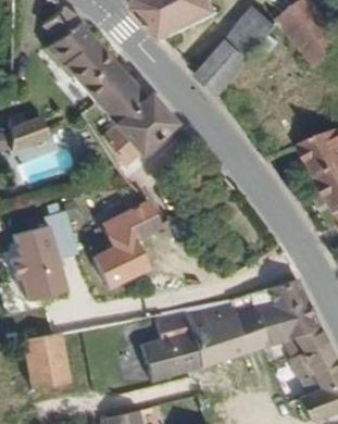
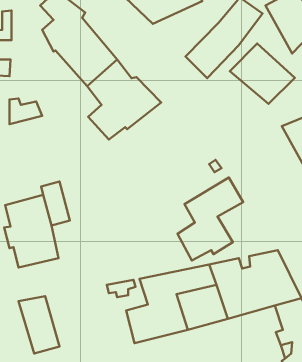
building: none -> [230,44,295,104]
building: [90,200,160,288] -> [177,178,243,260]

